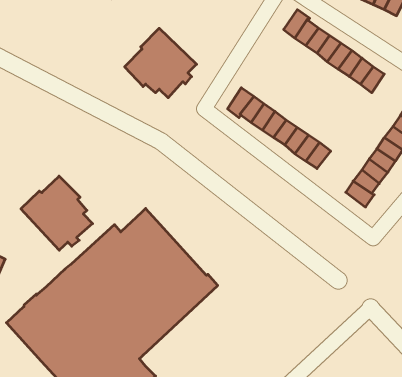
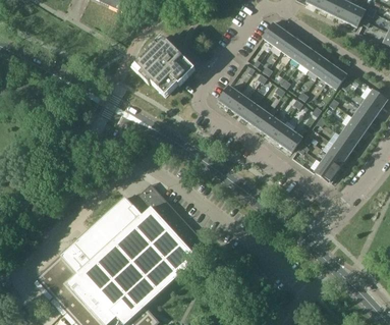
building: [21,176,93,250] -> none

